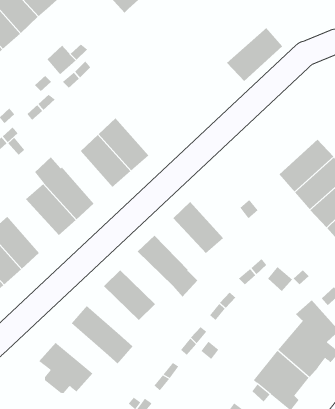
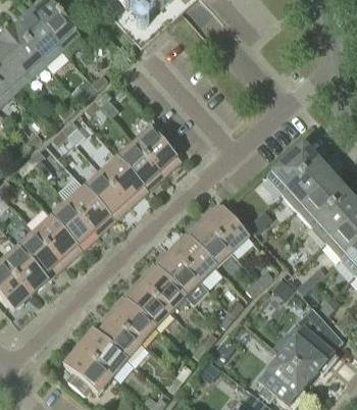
building: [226,27,283,82] -> [266,143,318,193]
building: none -> [134,120,182,175]
building: none -> [85,171,131,219]
building: none -> [202,202,249,251]
building: none -> [35,215,82,264]
building: none -> [169,233,216,280]
building: none -> [138,263,186,311]
building: none -> [107,295,155,342]
building: none -> [79,328,126,374]

